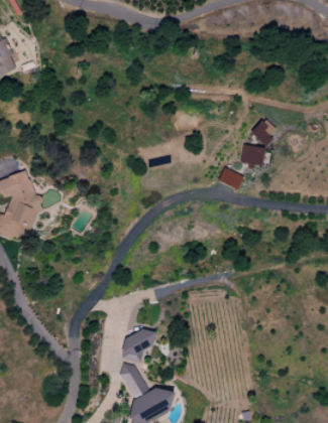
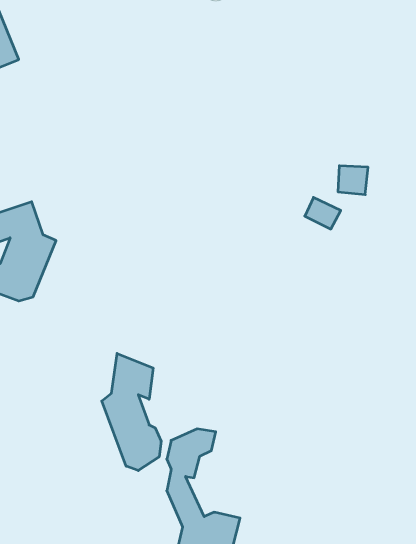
building: [251,117,278,144] -> none
building: none -> [102,353,161,471]

